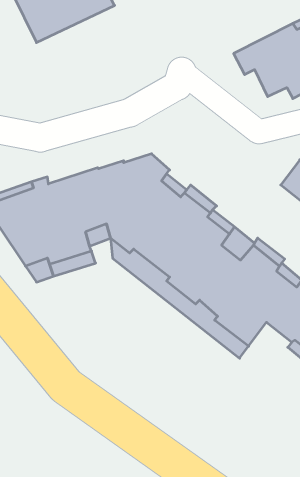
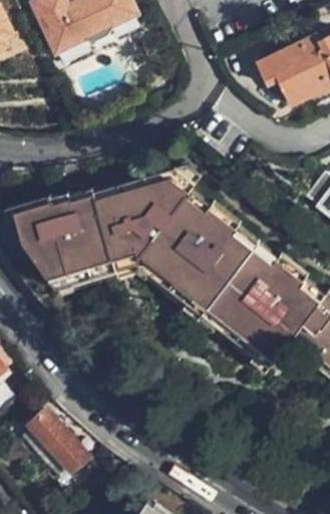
building: none -> [28,402,102,473]

